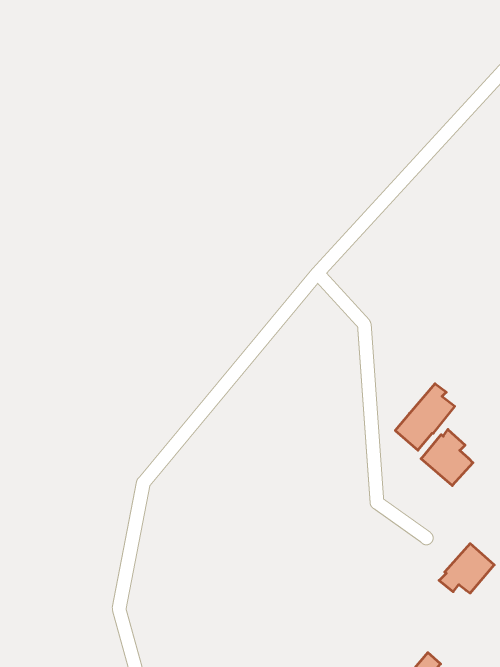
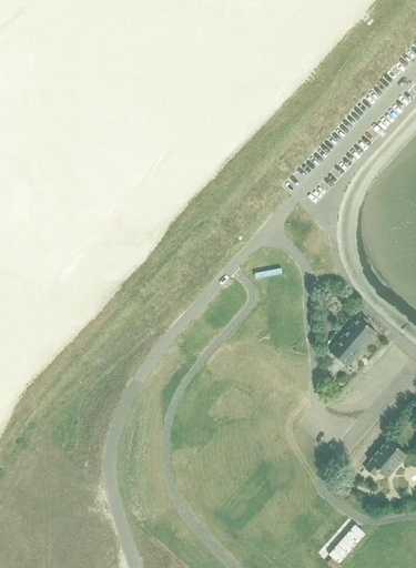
building: [421,429,473,486] -> none

